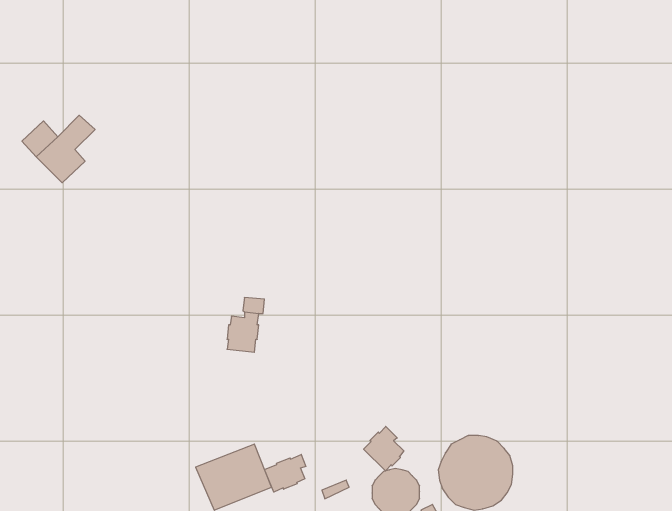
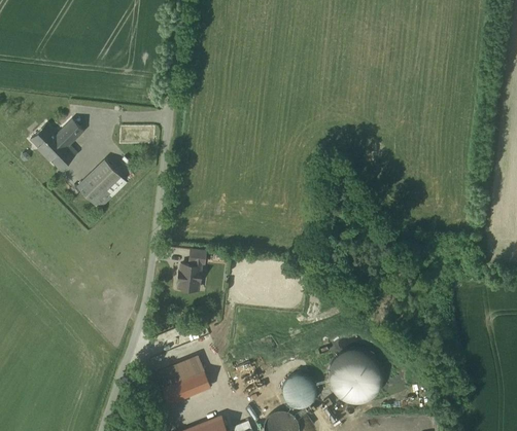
building: none -> [75,160,124,209]
building: [364,426,404,471] -> none
building: [265,454,306,492] -> none

